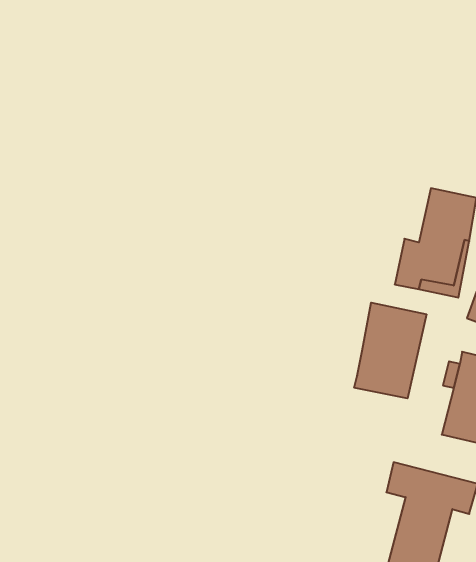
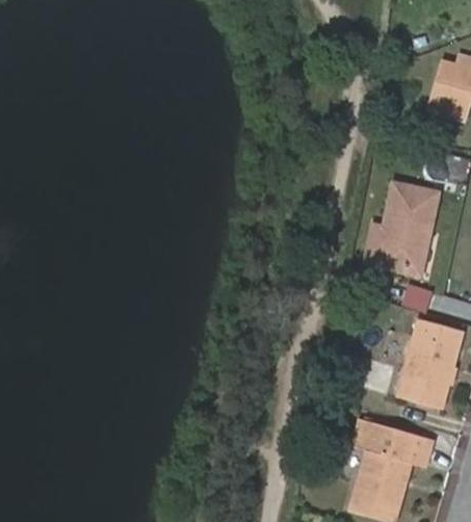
building: [354,303,426,398] -> none

